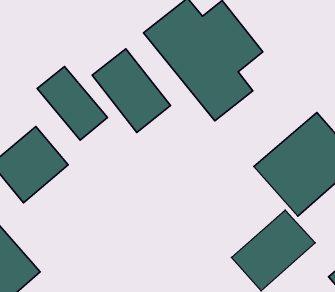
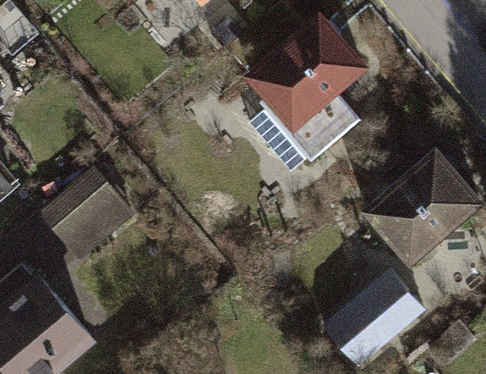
building: [92,49,171,132] -> none
building: [37,67,107,140] -> none

